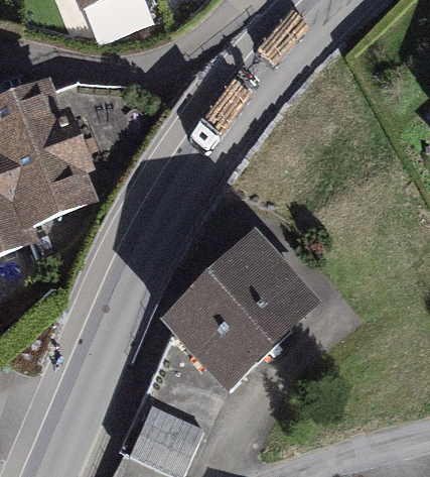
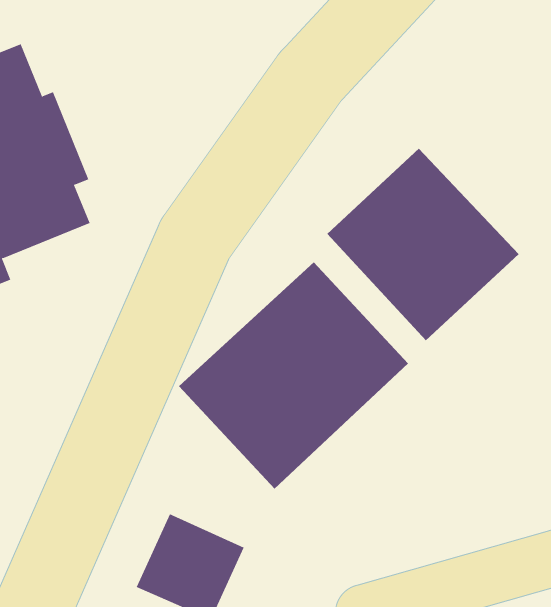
building: none -> [327,148,520,341]

